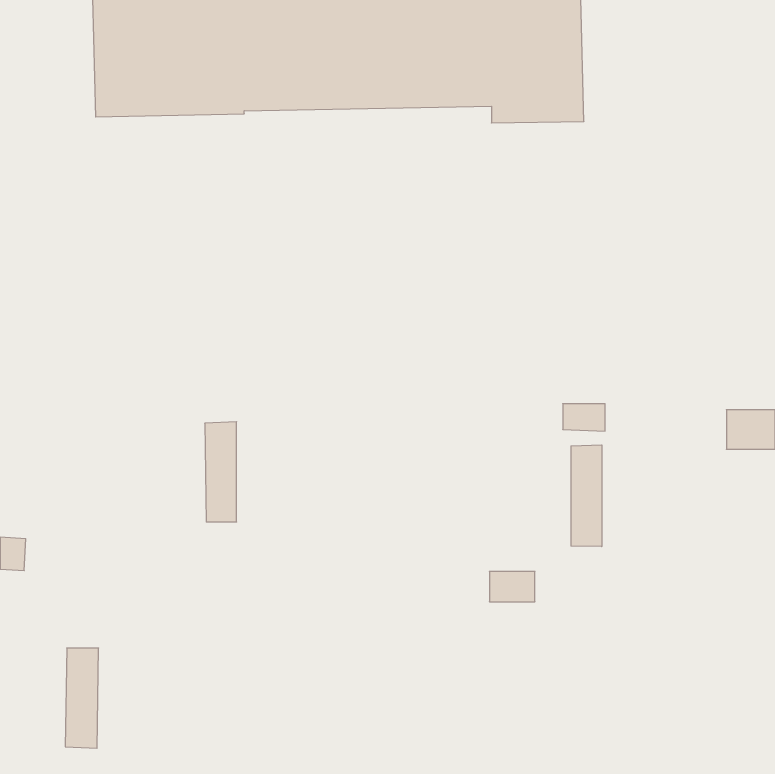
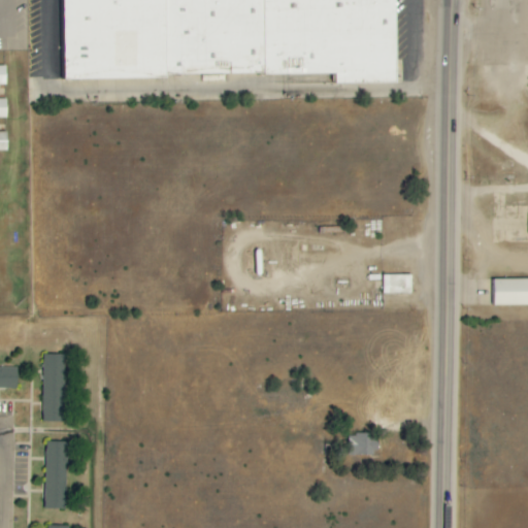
building: [205,422,237,522] -> [42,353,64,421]
building: [571,445,602,547] -> none
building: [489,571,535,602] -> [348,433,378,454]

